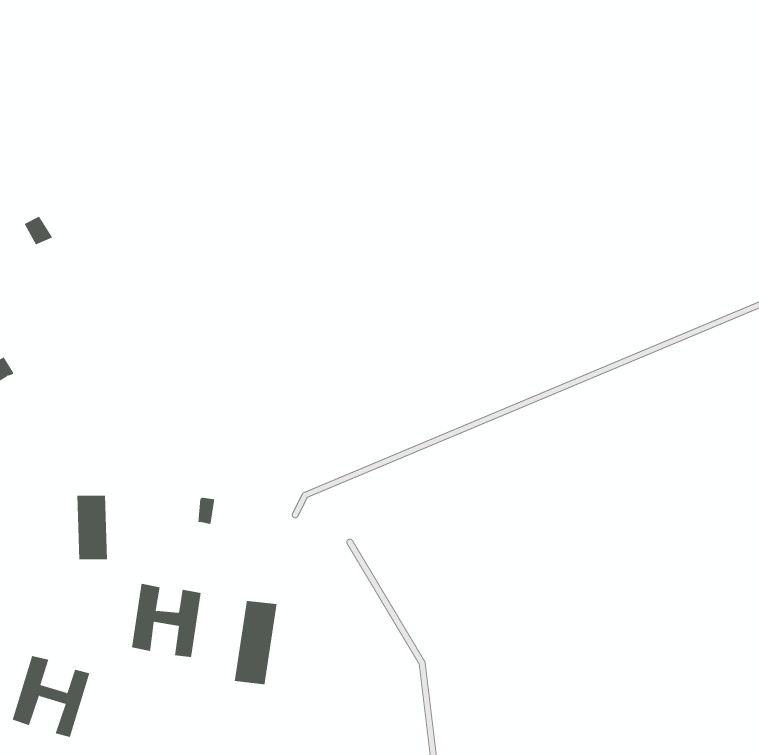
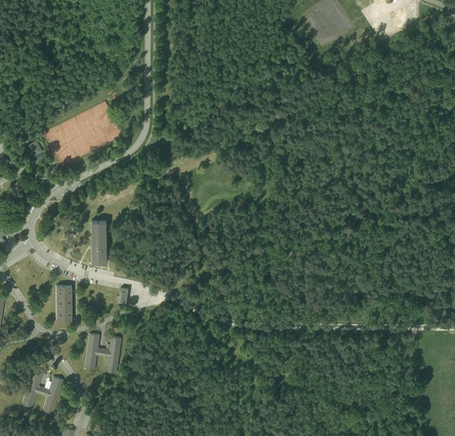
building: none -> [91,222,107,263]
building: [234,600,277,685] -> none

